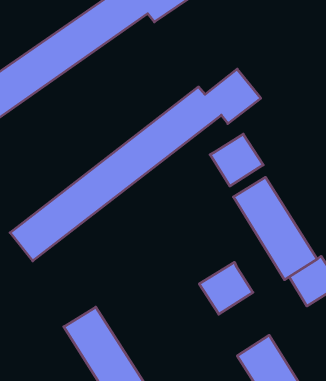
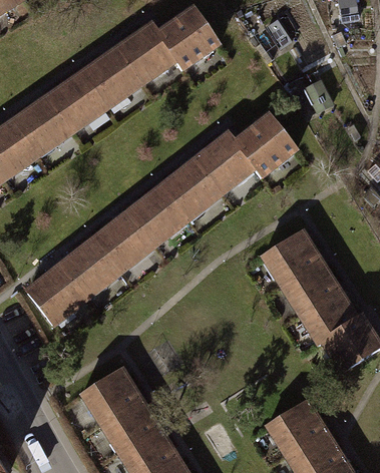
building: [210,134,263,186] -> none
building: [199,262,253,314] -> none

